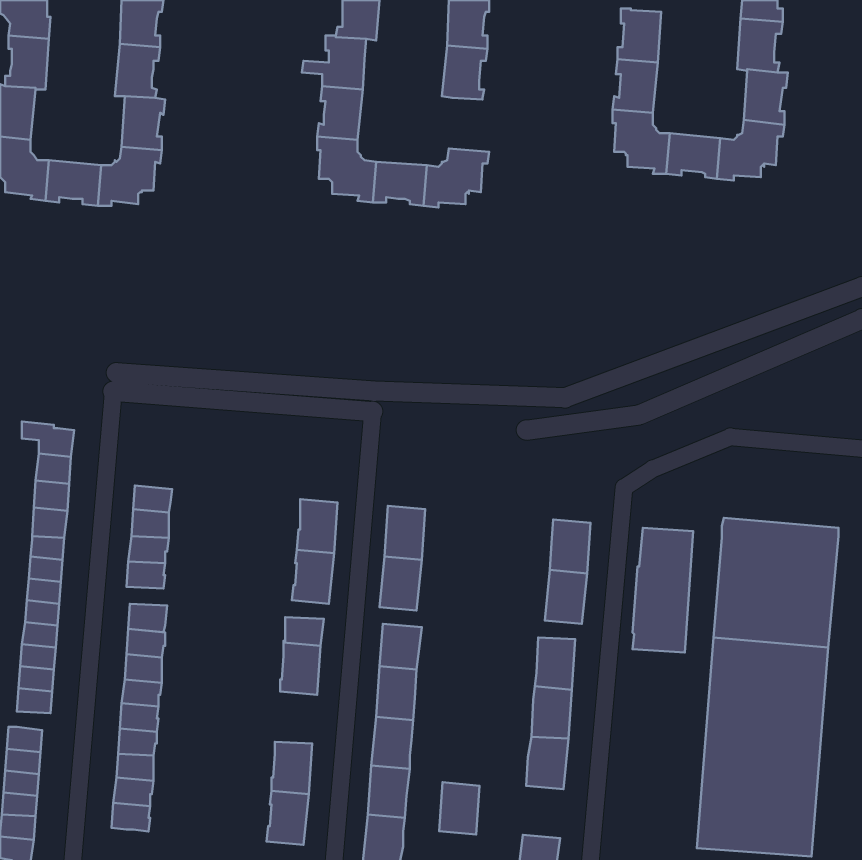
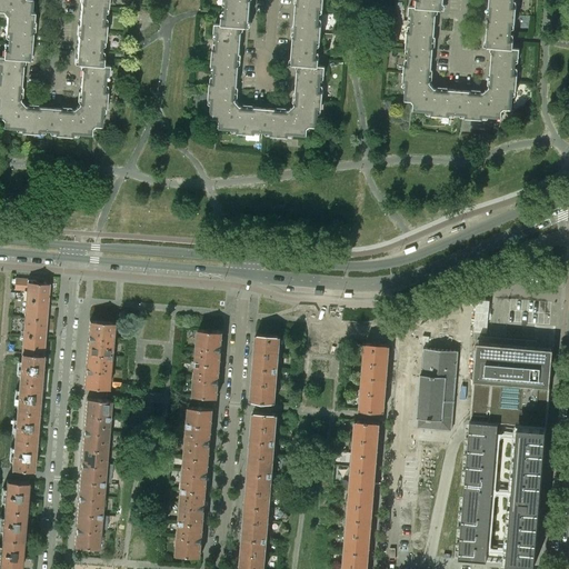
building: none -> [296,66,325,101]
building: none -> [181,457,209,491]
building: [439,782,480,835] -> [345,519,371,553]

